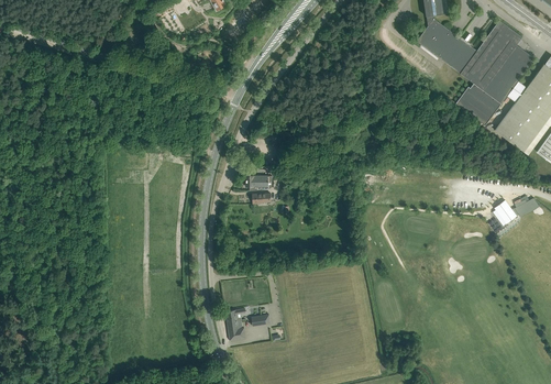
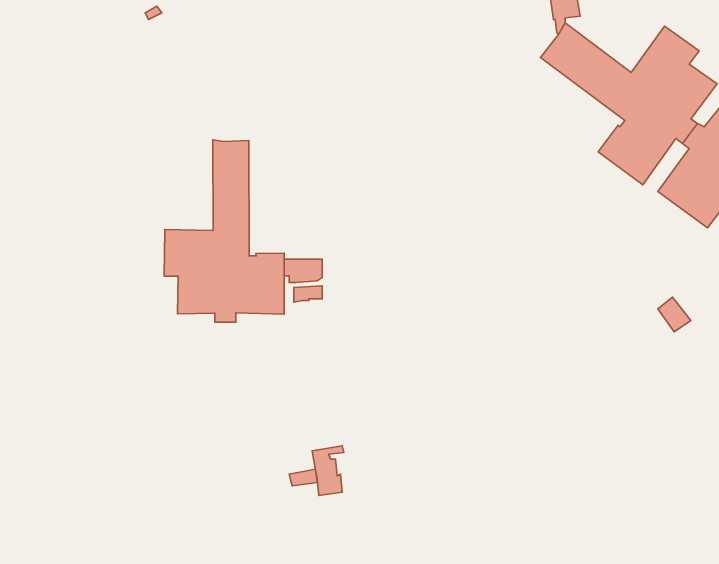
building: none -> [164,140,284,322]
building: [225,309,246,342] -> [312,446,344,496]

